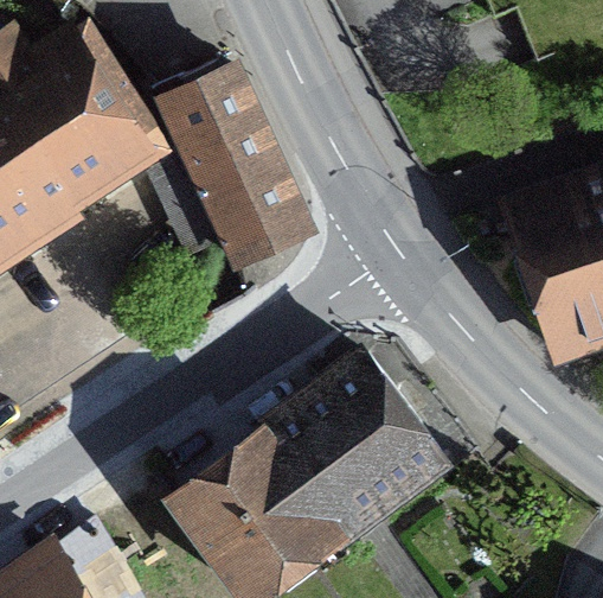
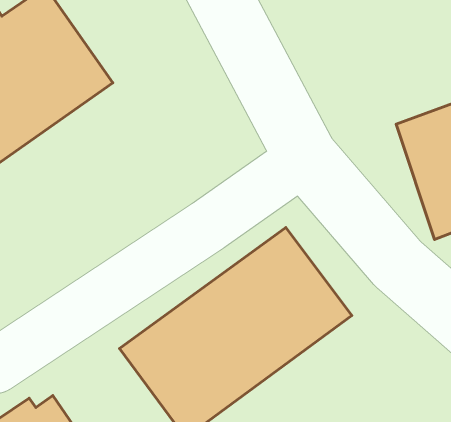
building: [162,75,300,272] -> none

